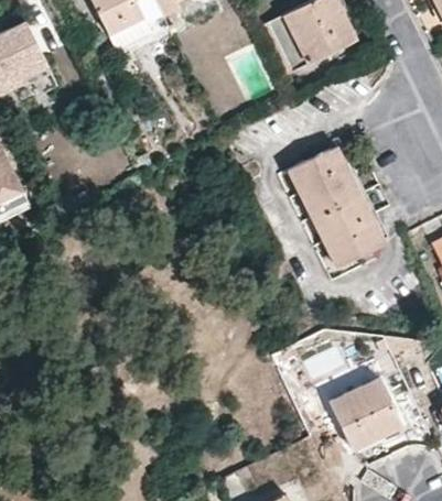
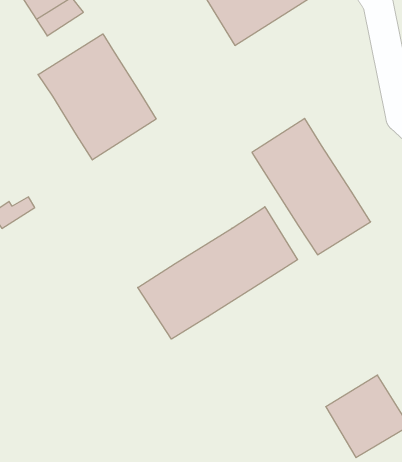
building: none -> [38,34,156,160]
building: none -> [138,207,298,339]

